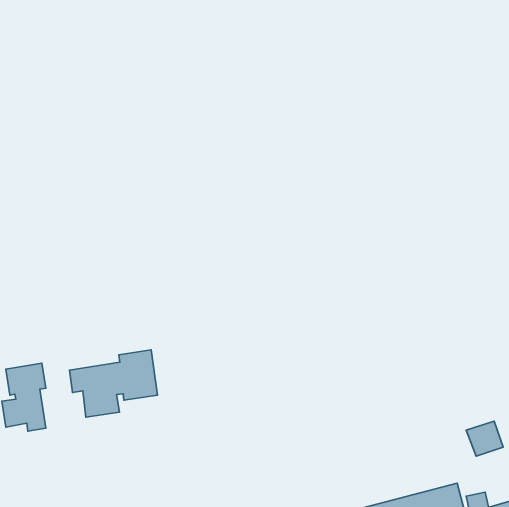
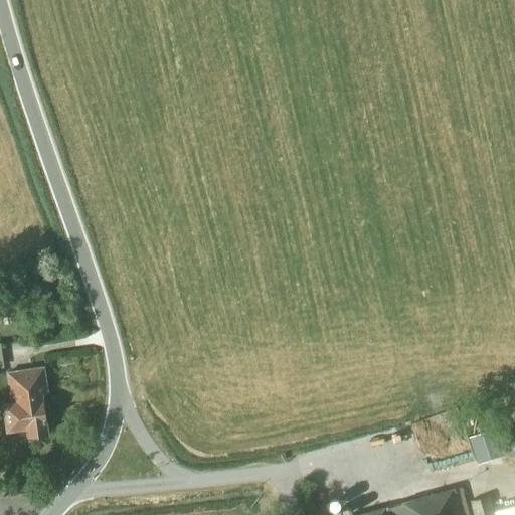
building: [69,350,157,417] -> none

